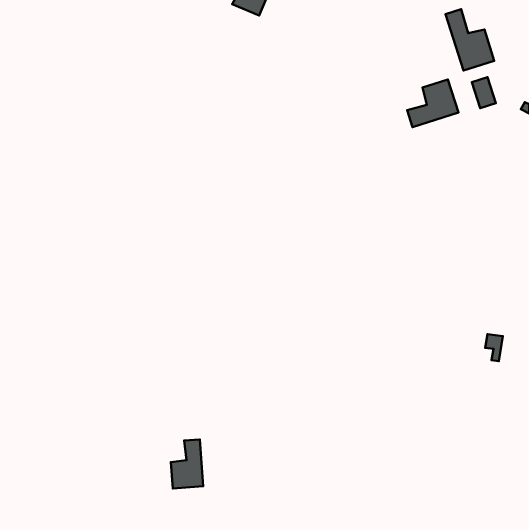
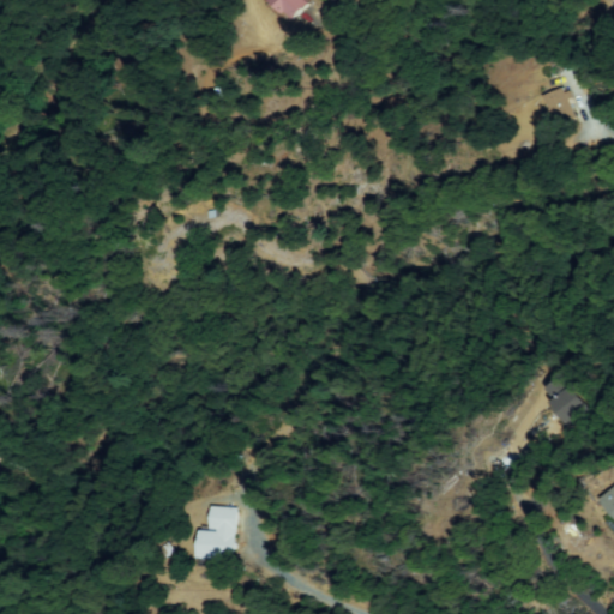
building: [446,9,494,71] -> none
building: [407,80,458,127] -> none

